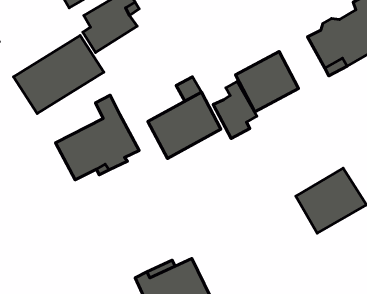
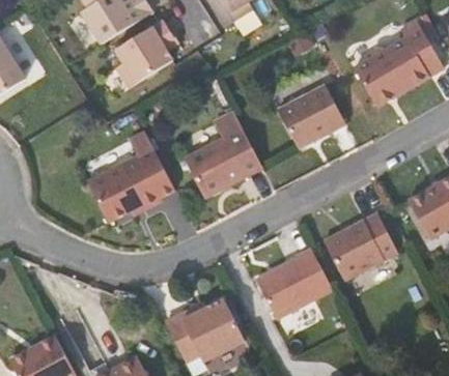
building: [14,36,104,113] -> none
building: [213,82,257,138] -> none
building: none -> [264,247,343,320]

